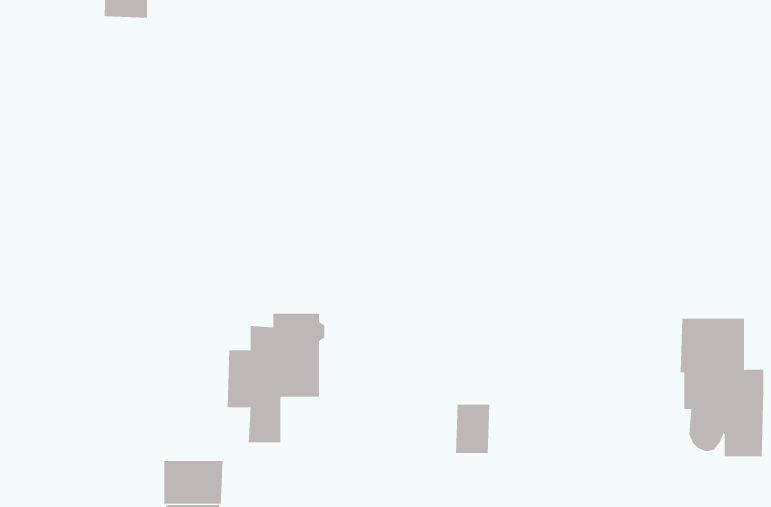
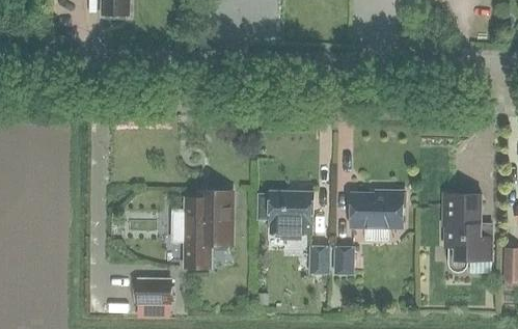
building: none -> [350,190,406,228]
building: none -> [257,191,313,234]
building: none -> [334,244,353,274]

